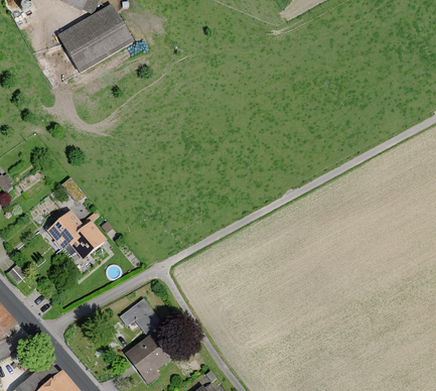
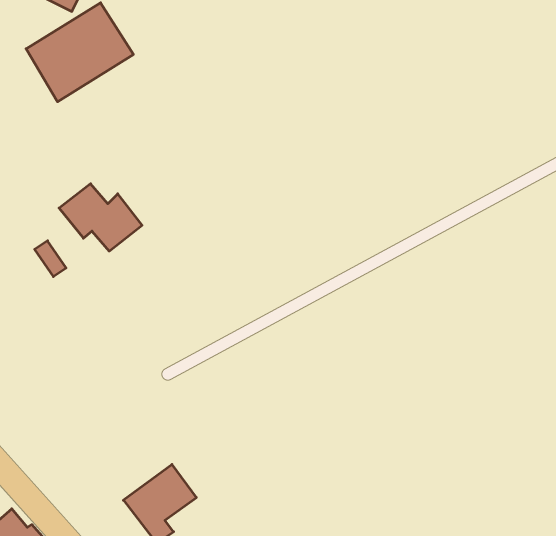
building: [47,213,106,260] -> [59,184,142,251]
building: [118,298,161,336] -> none

